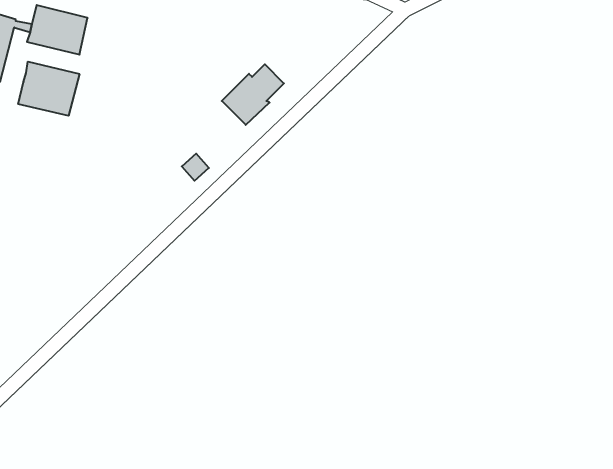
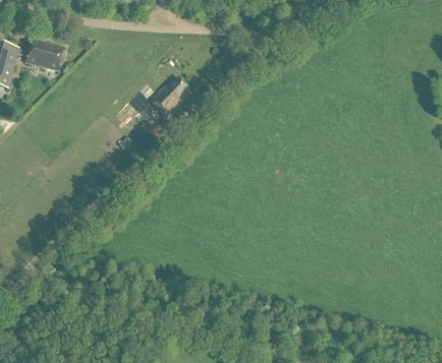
building: [18,62,79,116] -> none

